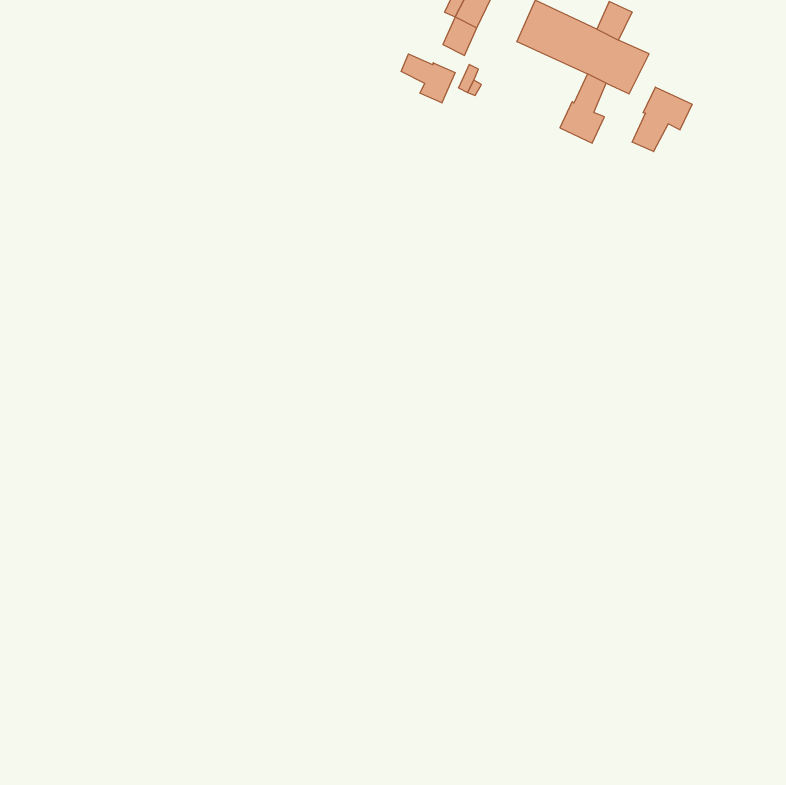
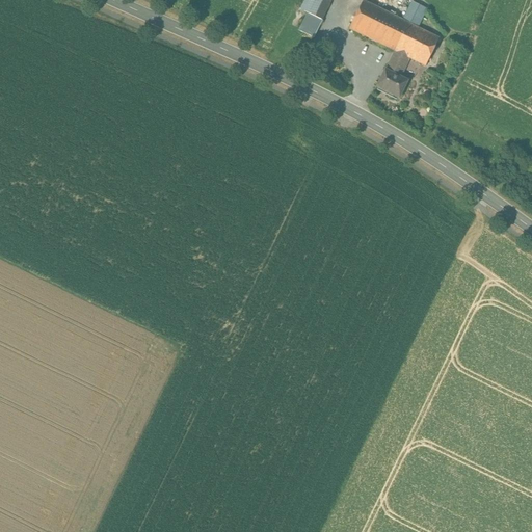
building: [401,54,455,103] -> none
building: [632,87,692,152] -> none

